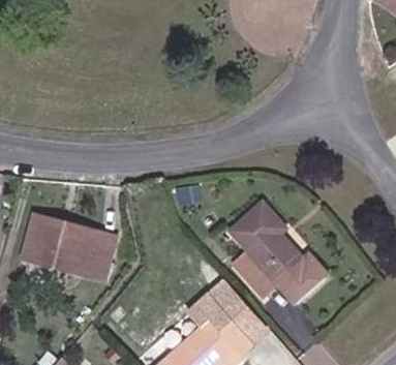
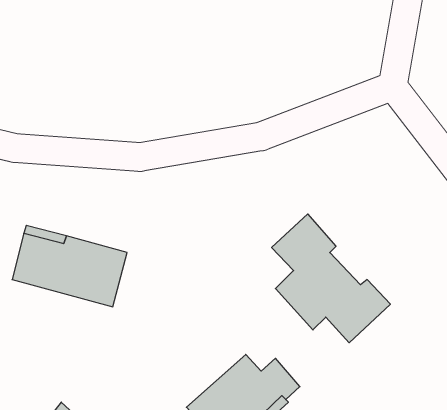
building: [208,279,268,343] -> none

